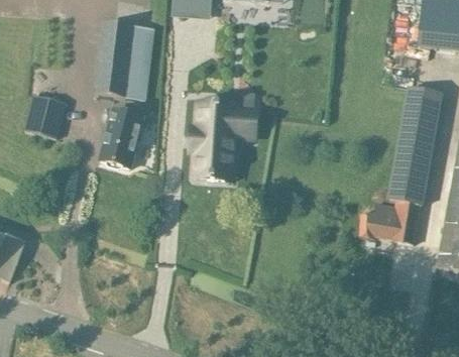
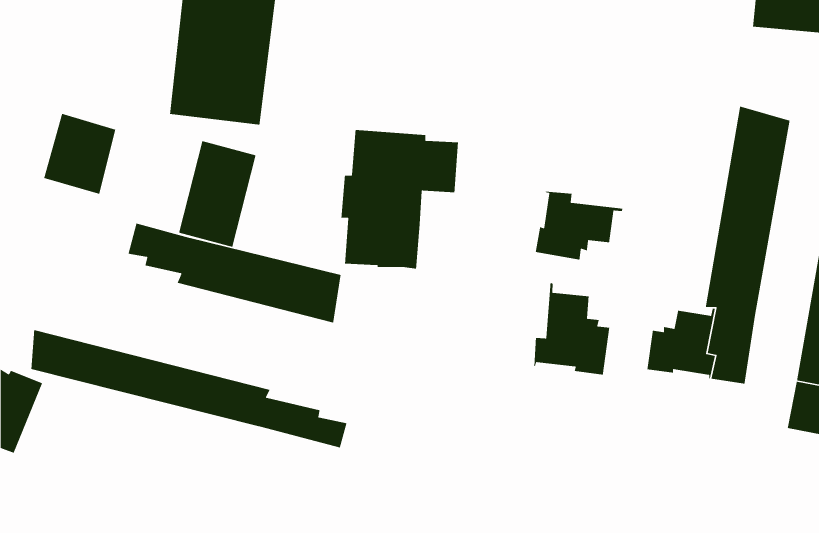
building: none -> [535,191,624,260]
building: none -> [128,223,342,323]
building: none -> [534,282,610,376]
building: none -> [30,329,347,448]

